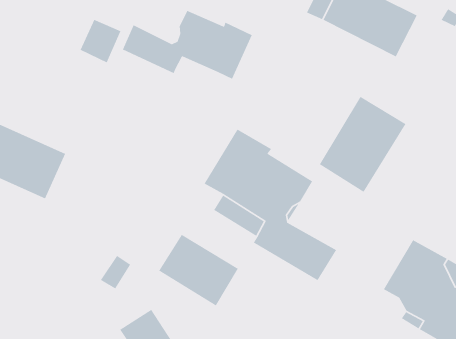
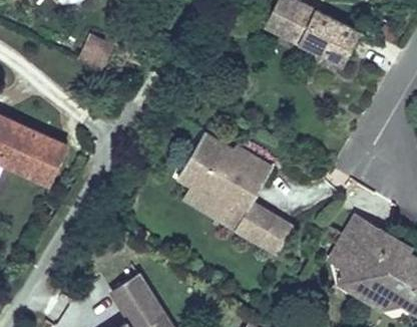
building: [122,10,253,80] -> none
building: [319,96,406,193] -> none
building: [158,234,239,307] -> none

